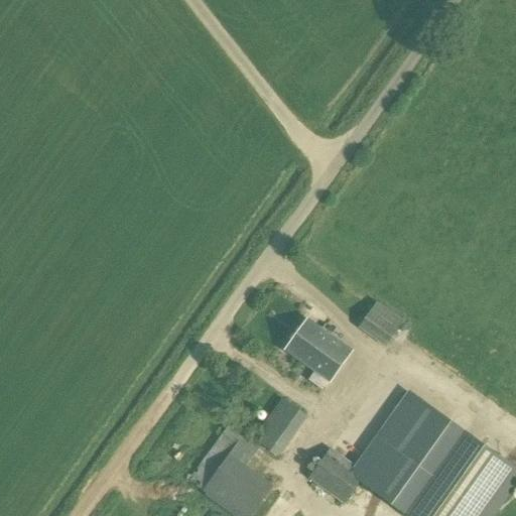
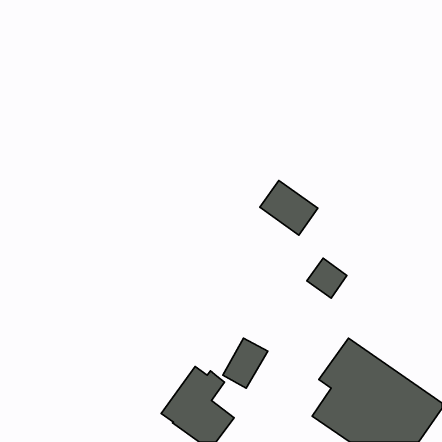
building: [284,318,352,382] -> [260,180,318,235]
building: [306,446,365,503] -> none

